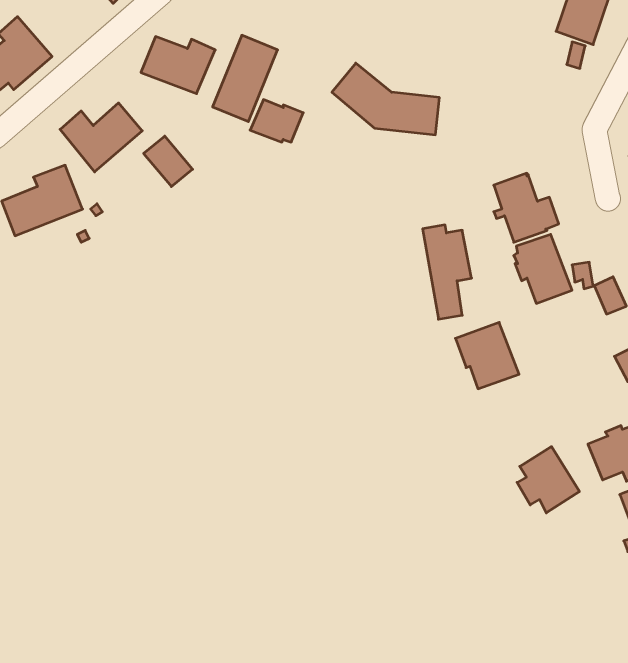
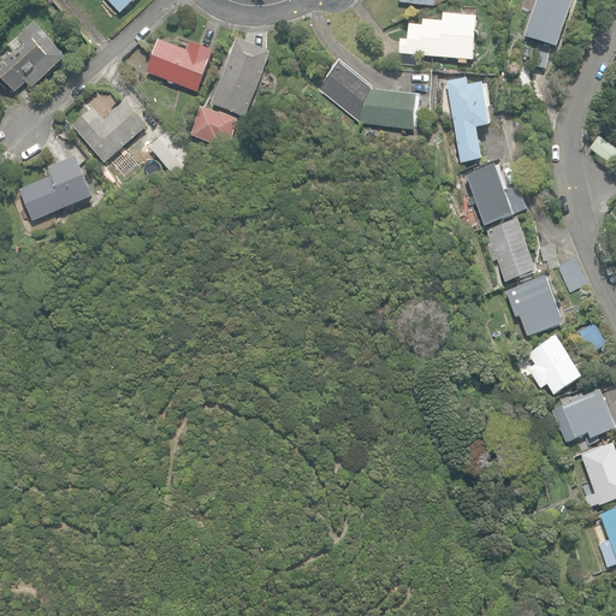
building: none -> [396,11,475,65]
building: [250,100,303,142] -> [189,106,237,144]
building: [423,225,472,319] -> [445,76,490,161]
building: [455,322,519,389] -> [505,274,563,334]
building: [517,447,579,513] -> [525,334,581,395]

